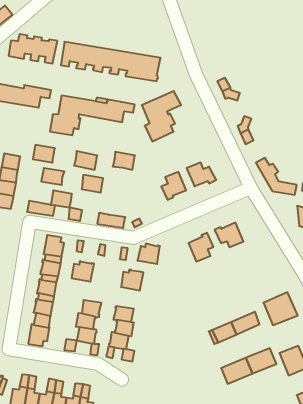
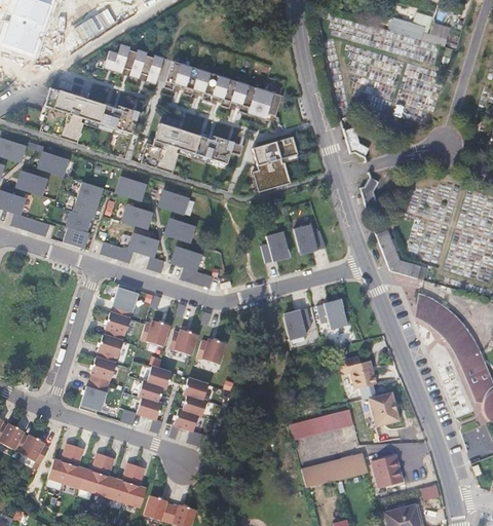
building: [113,152,135,170] -> [173,247,200,270]
building: [137,244,160,264] -> [168,329,197,354]
building: none -> [340,355,377,388]

